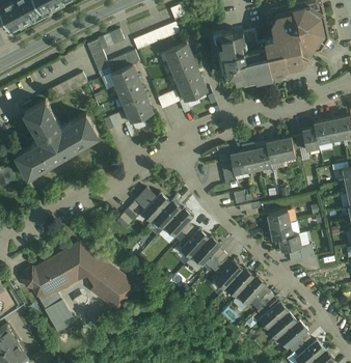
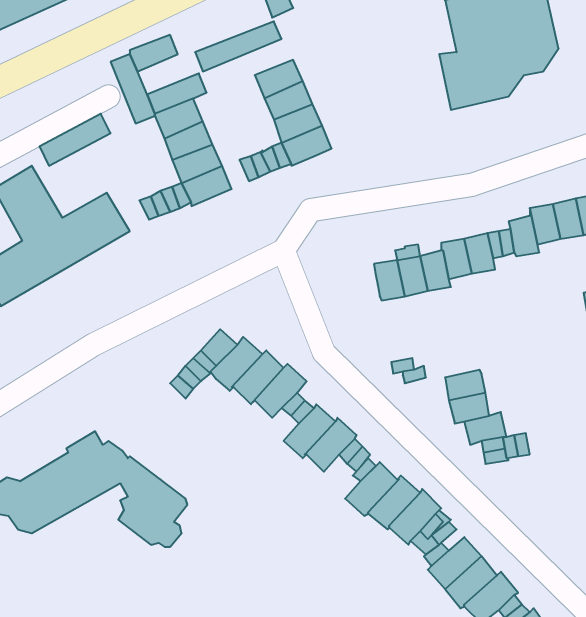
building: [215,30,273,85] -> none
building: [46,299,74,333] -> none

